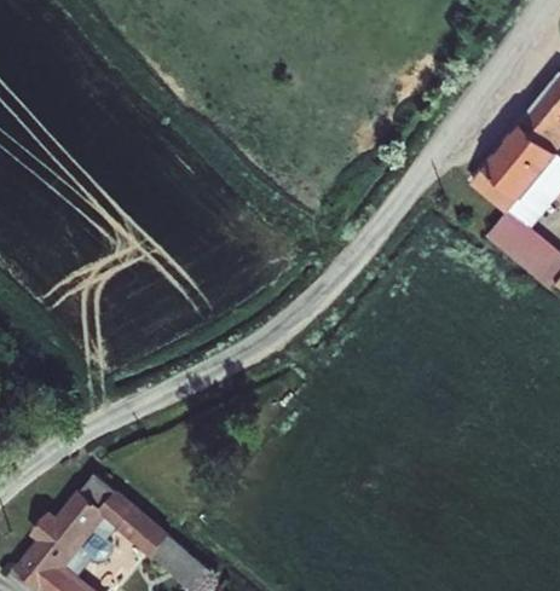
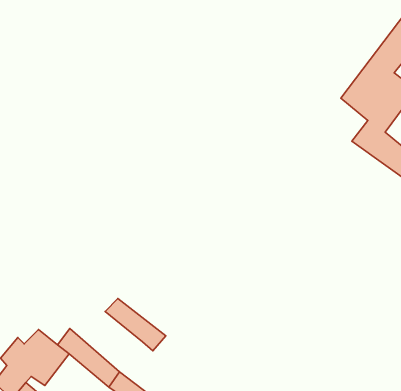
building: none -> [105,298,166,351]

